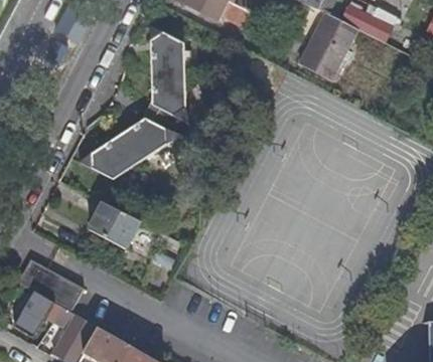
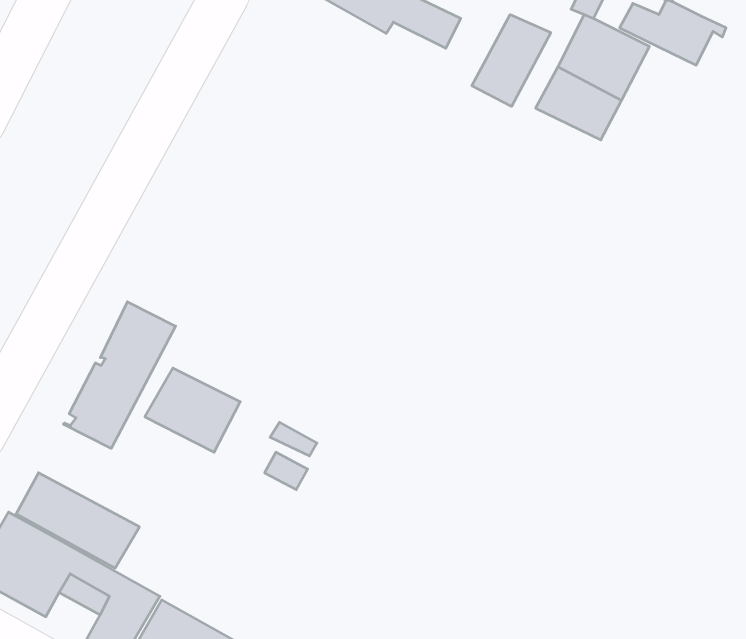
building: none -> [472,15,551,106]
building: [79,26,191,178] -> none
building: none -> [63,302,176,448]

